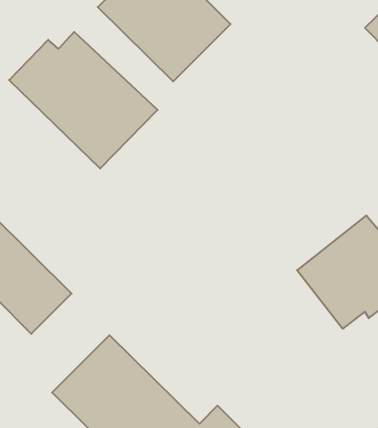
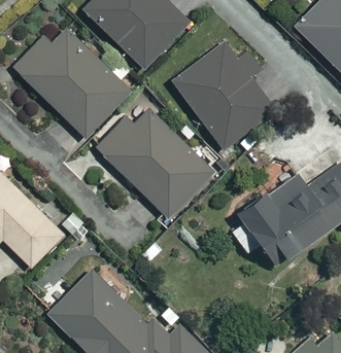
building: none -> [172,42,291,147]
building: none -> [96,101,212,217]

